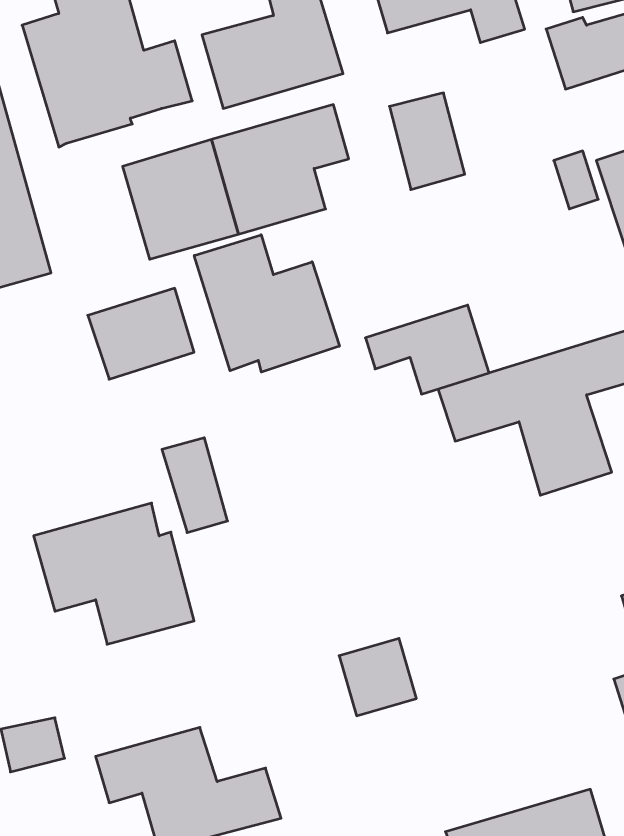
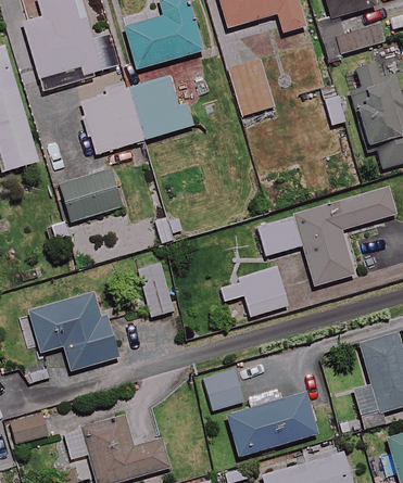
building: [194,235,339,372] -> none
building: [365,305,489,394] -> [218,266,288,316]
building: [162,438,228,533] -> [137,263,174,316]
building: none -> [226,392,317,456]

